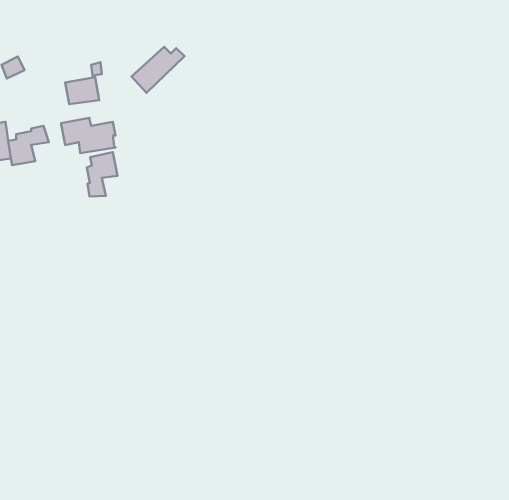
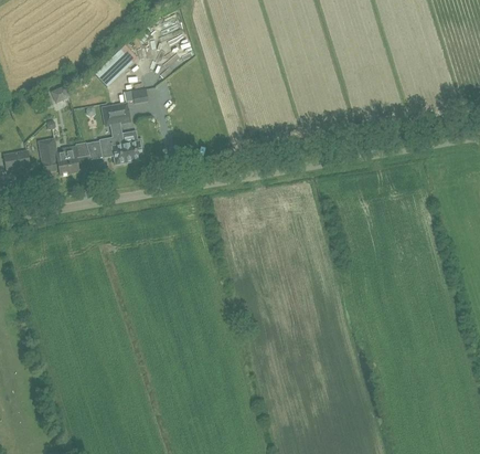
building: [132,47,184,93] -> [96,50,139,87]
building: [87,152,118,196] -> none

